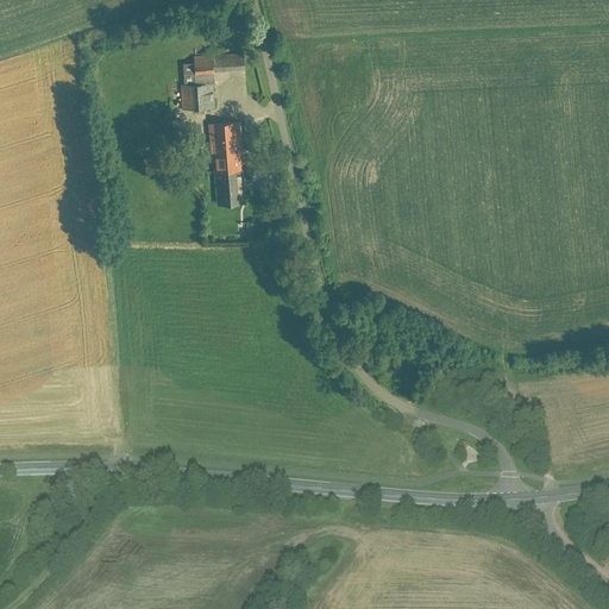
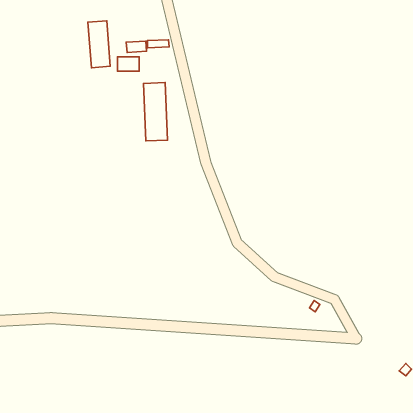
building: none -> [88,21,110,68]

